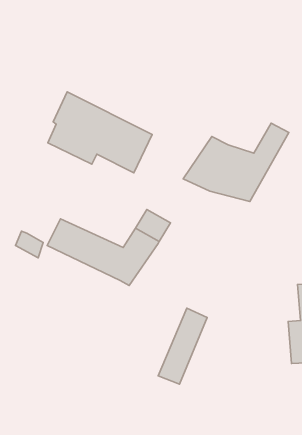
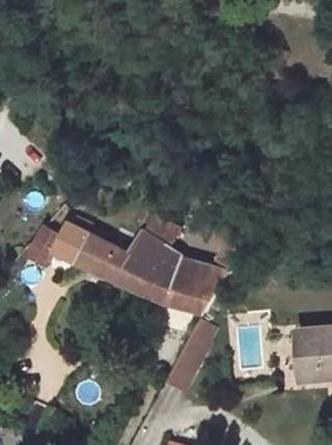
building: [48,92,152,173] -> none
building: [183,123,289,201] -> [139,235,246,314]

